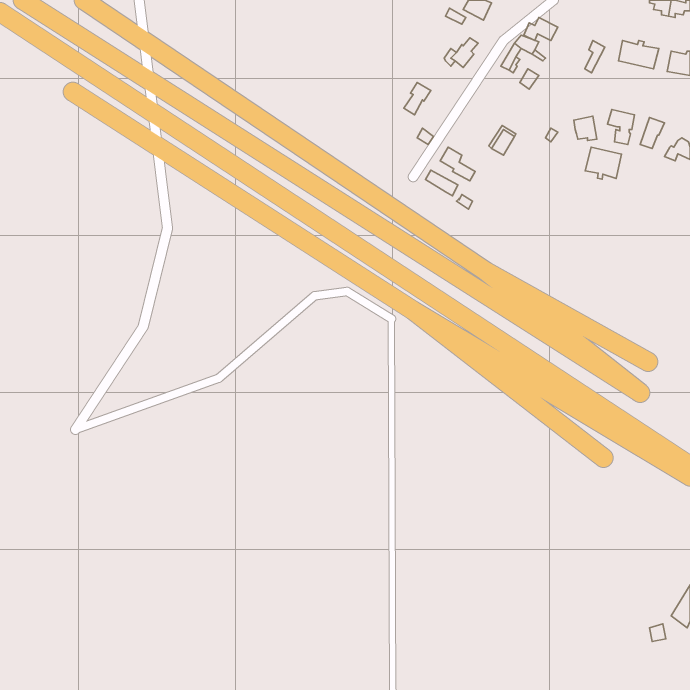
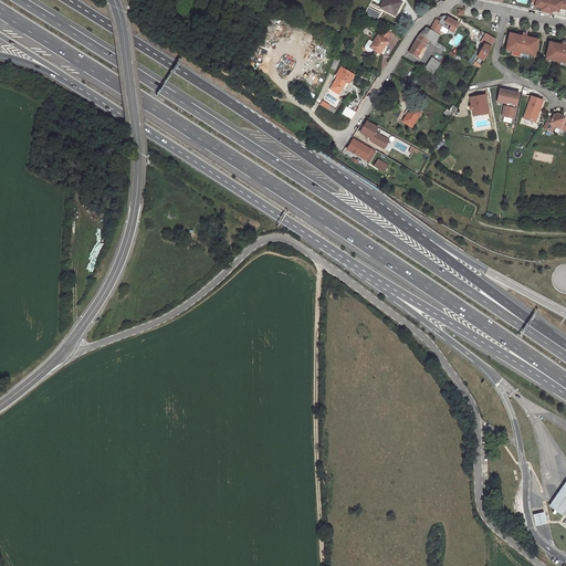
building: [585,147,621,179] -> none

